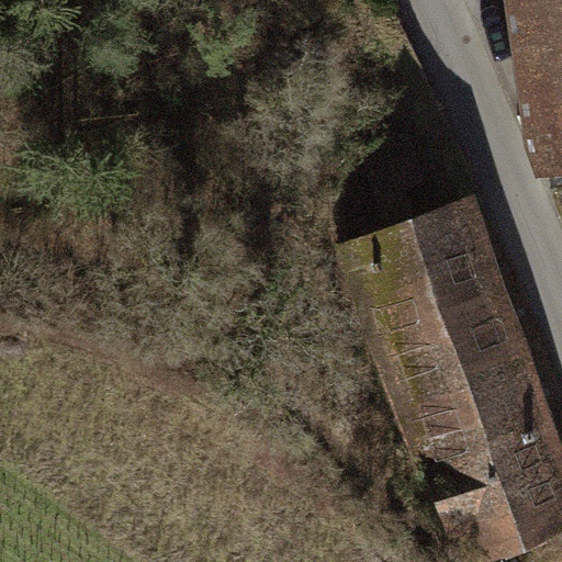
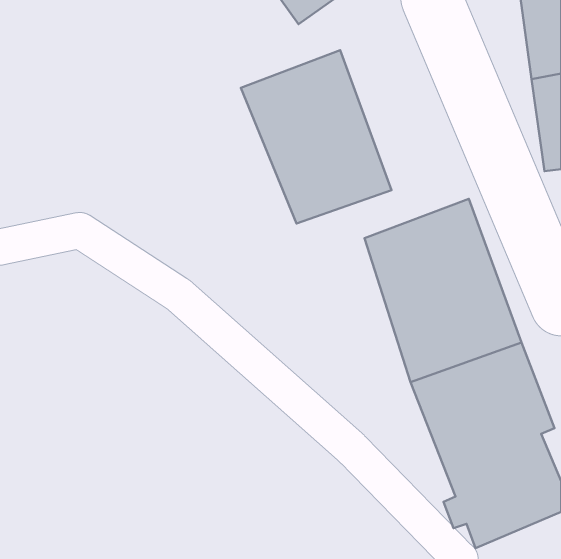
building: none -> [241,50,392,224]

